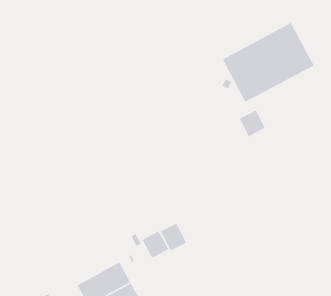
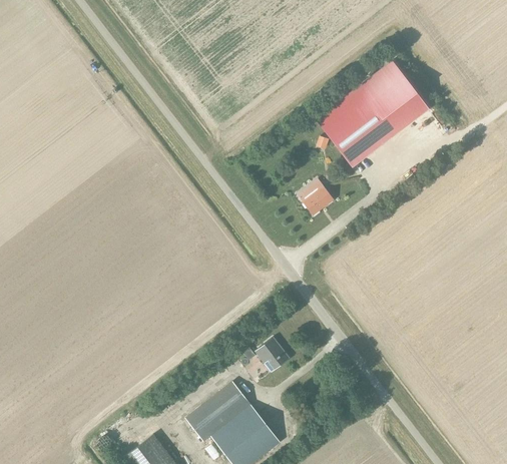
building: [239,110,266,138] -> [298,180,332,215]
building: [160,222,187,252] -> none

